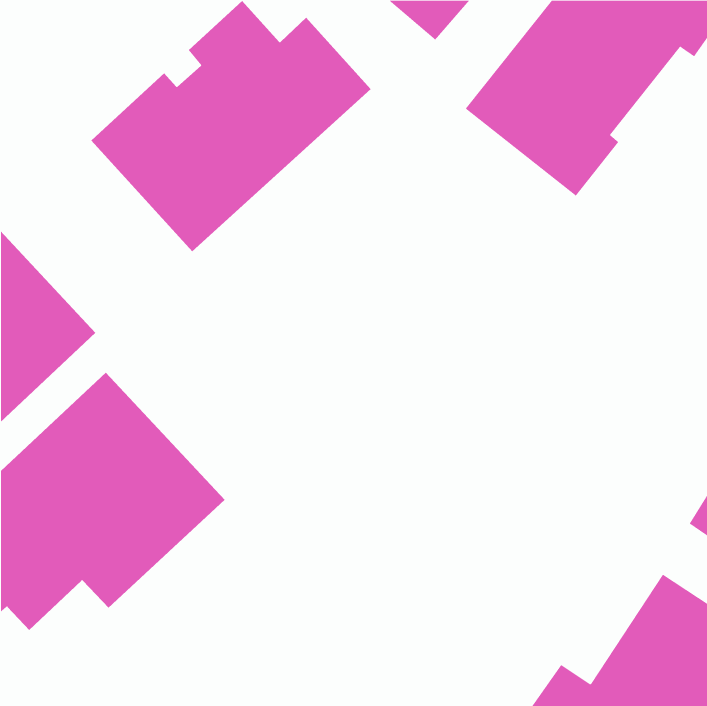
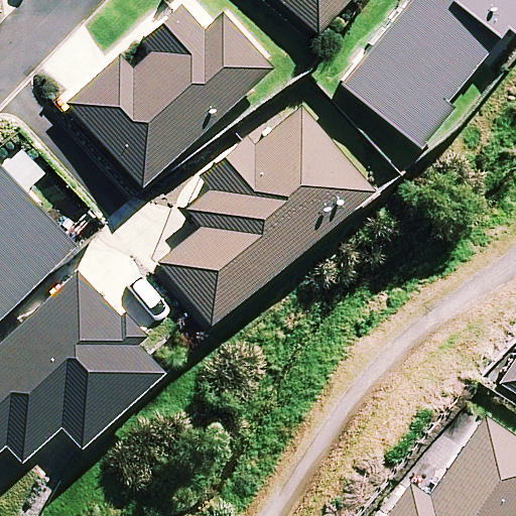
building: none -> [162,109,368,321]

